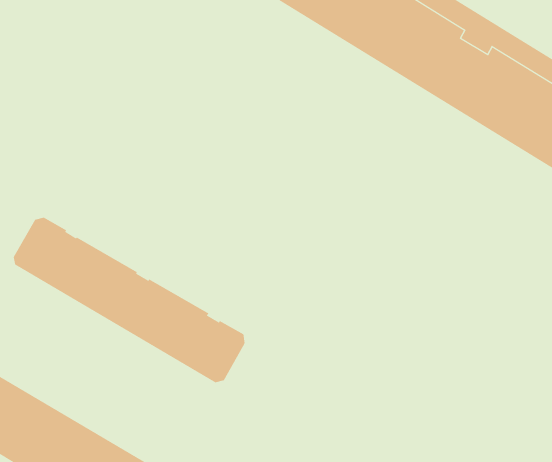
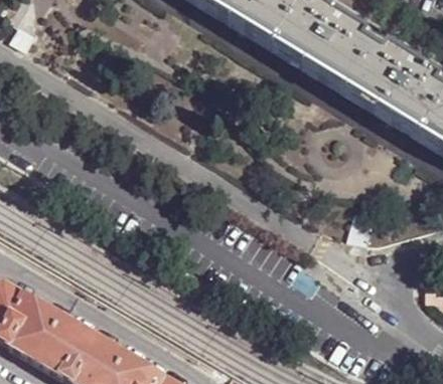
building: [13,217,245,383] -> none

